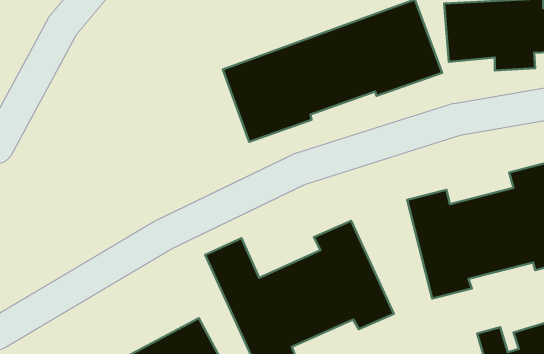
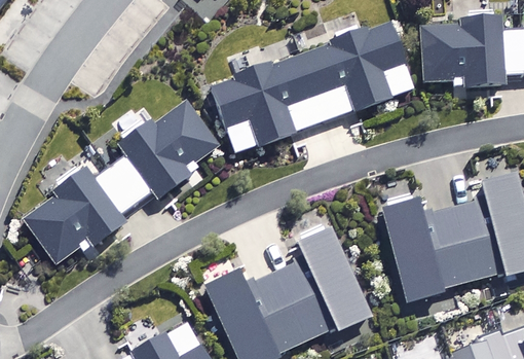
building: none -> [24,100,216,259]

